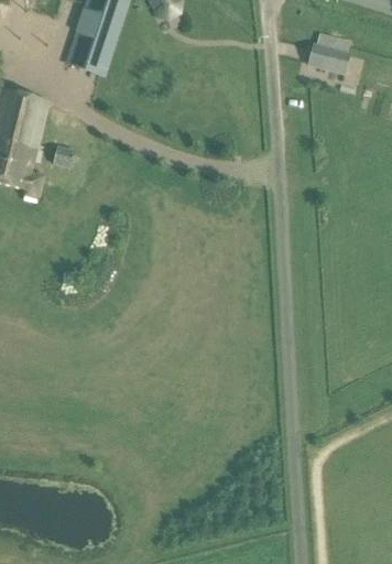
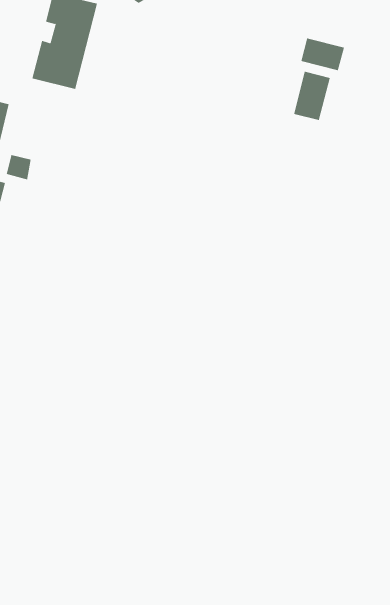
building: none -> [293,71,330,121]

